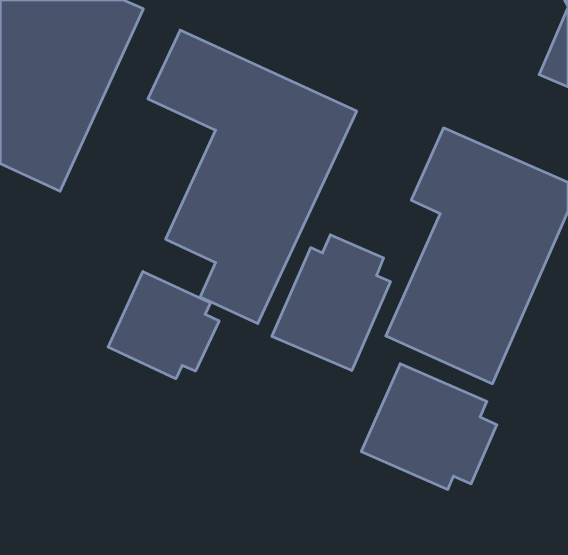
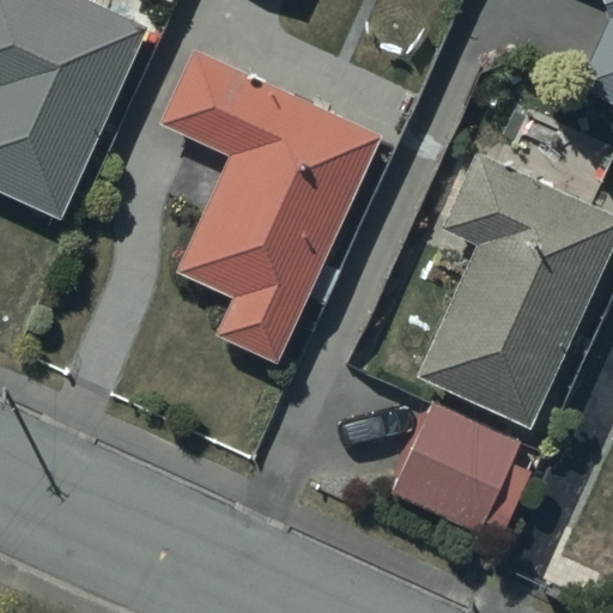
building: [272,235,390,371] -> none
building: [108,271,219,379] -> none

